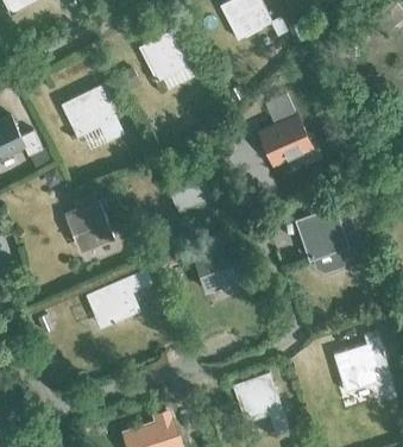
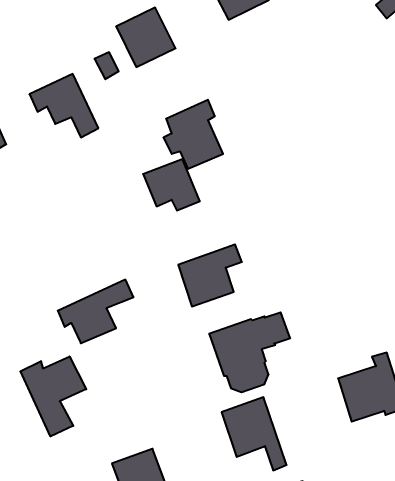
building: [258,100,310,160] -> [163,100,223,169]
building: [64,196,114,248] -> none
building: [296,203,367,273] -> [209,312,290,392]
building: none -> [20,356,86,436]

